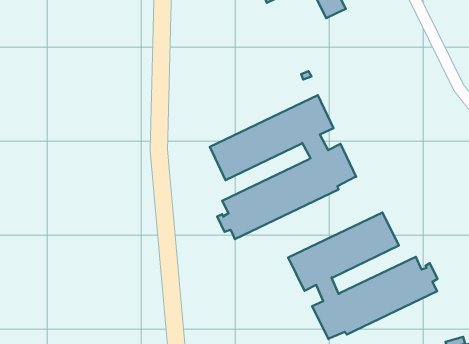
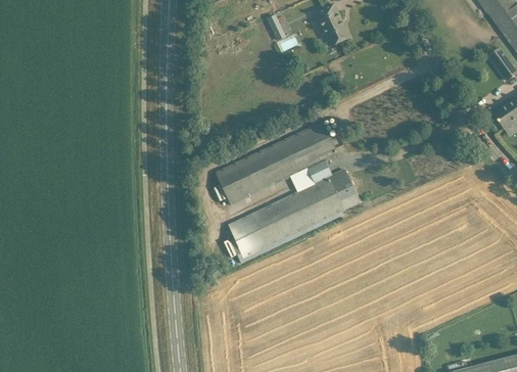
building: [288,212,437,339] -> none

